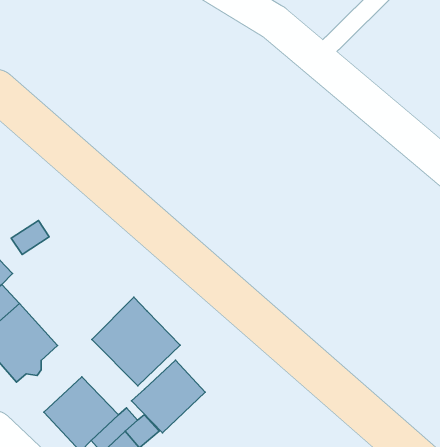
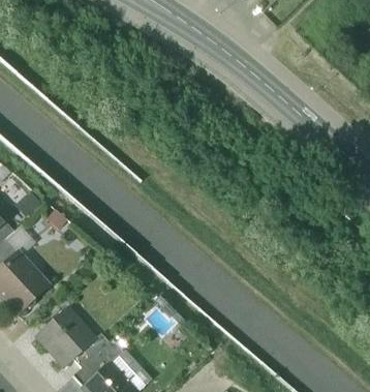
building: [92,297,180,386] -> none
building: [131,360,205,433] -> none

